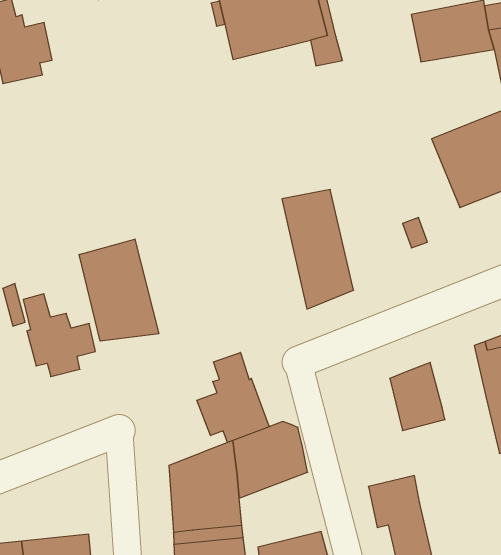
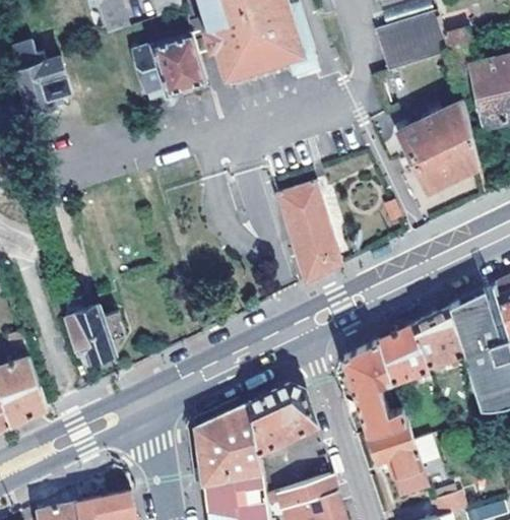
building: none -> [132,37,202,99]
building: [79,239,159,341] -> none
building: none -> [412,307,462,362]
building: [197,352,269,442] -> none
building: none -> [343,340,406,434]

